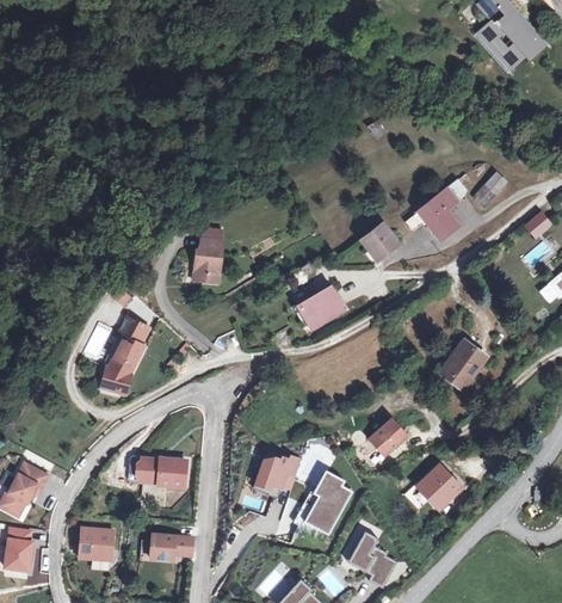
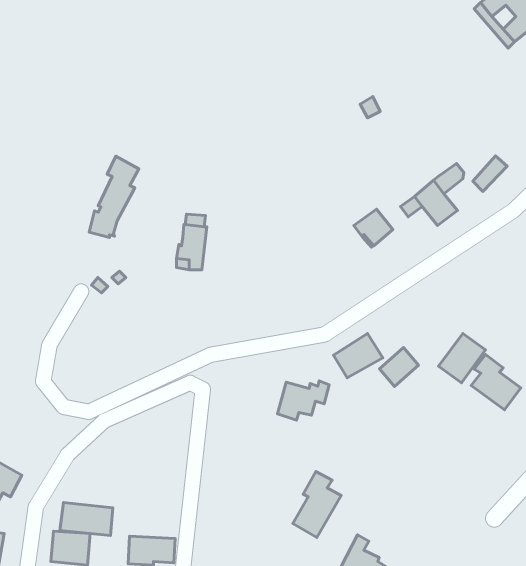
building: [298,287,345,328] -> [333,334,383,378]
building: [103,316,149,393] -> [89,156,139,237]
building: none -> [471,354,521,410]
building: [370,419,407,456] -> [379,347,419,387]
building: [251,454,299,491] -> [277,381,329,420]
building: [135,455,185,486] -> [60,503,113,536]
building: [419,466,461,507] -> none

